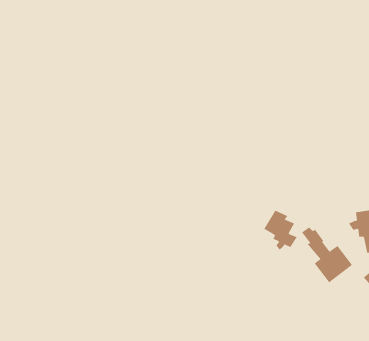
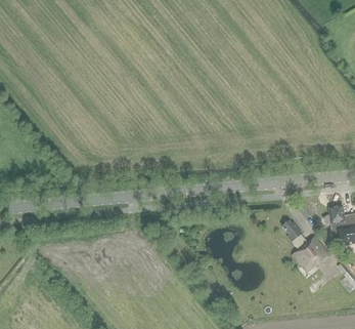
building: [263,210,297,250] -> none

